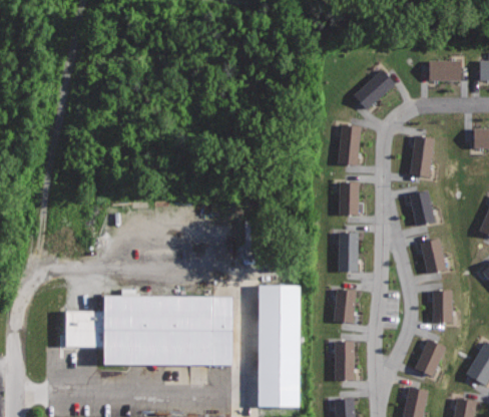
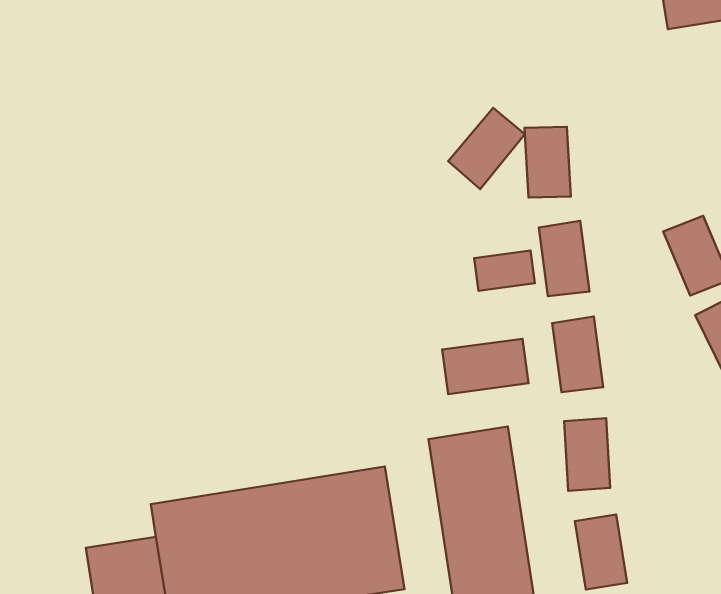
building: [352,68,396,111] -> [448,108,525,189]
building: [406,135,435,177] -> none
building: none -> [474,250,535,291]
building: none -> [442,339,529,394]

